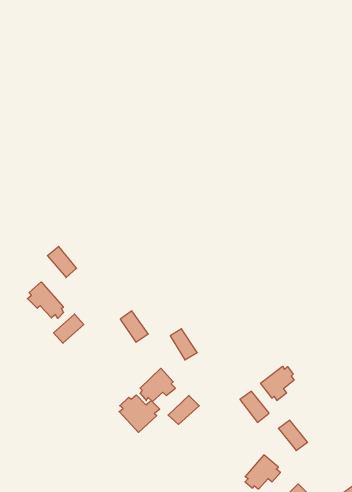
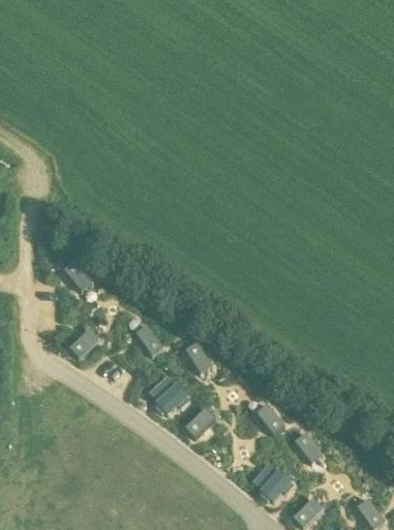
building: [27,282,64,318] -> none
building: [261,366,294,401] -> none
building: [119,395,160,432] -> none

